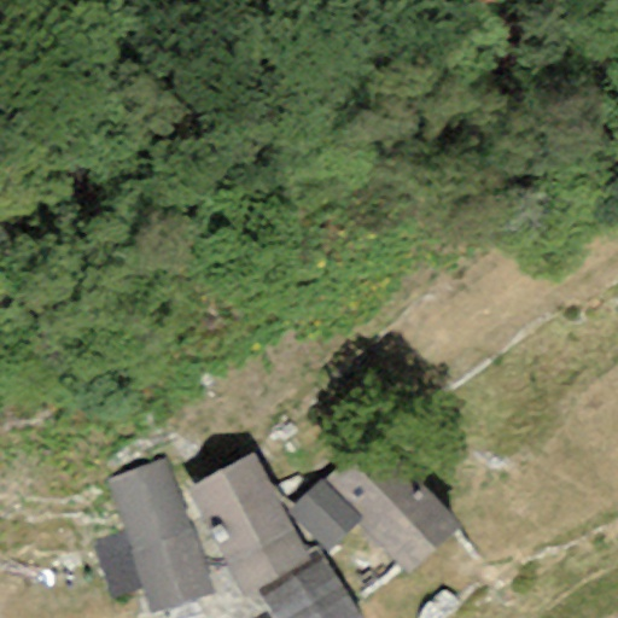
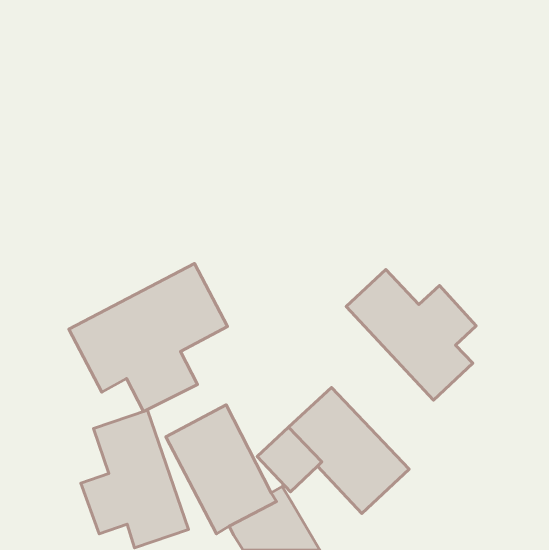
building: none -> [69,263,228,411]
building: none -> [346,269,476,400]

